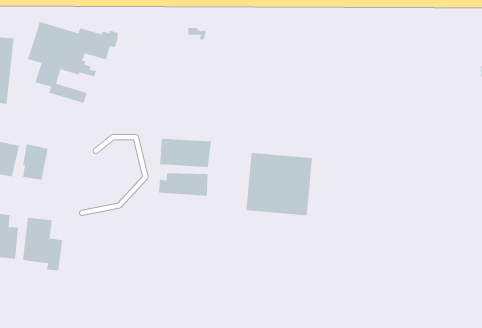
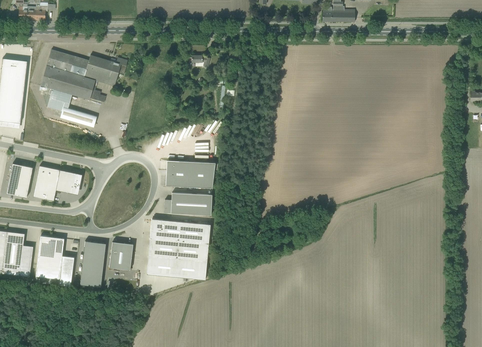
building: none -> [56,170,82,193]
building: [245,153,313,216] -> [146,219,210,279]
building: none -> [80,241,106,287]
building: none -> [109,241,133,270]

